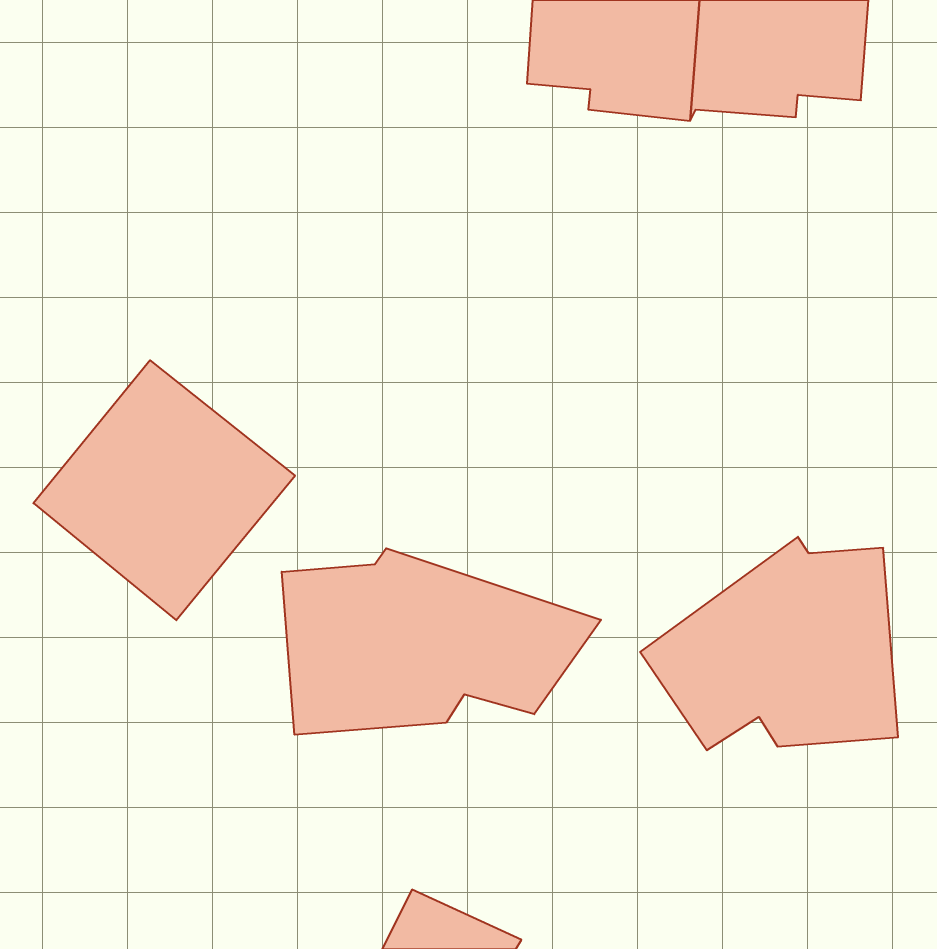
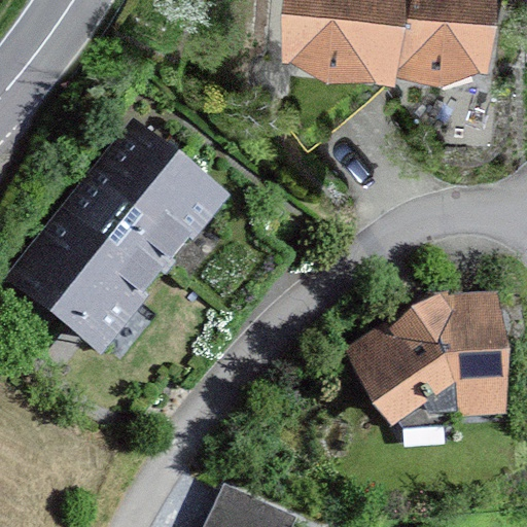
building: none -> [90,135,221,264]
building: [282,548,601,735] -> none

